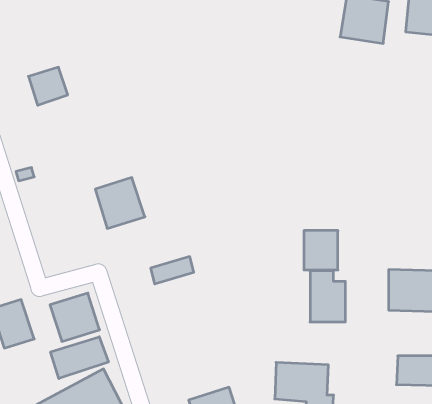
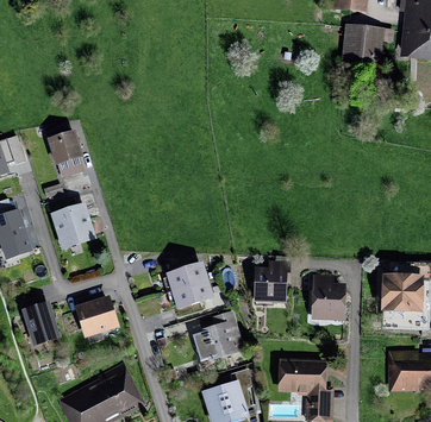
building: [28,67,68,105] -> [48,131,83,165]
building: [95,178,145,228] -> [51,203,96,250]
building: [304,231,338,270] -> [255,266,286,302]
building: none -> [170,277,213,310]
building: none -> [192,311,243,364]
building: [51,337,108,379] -> none

